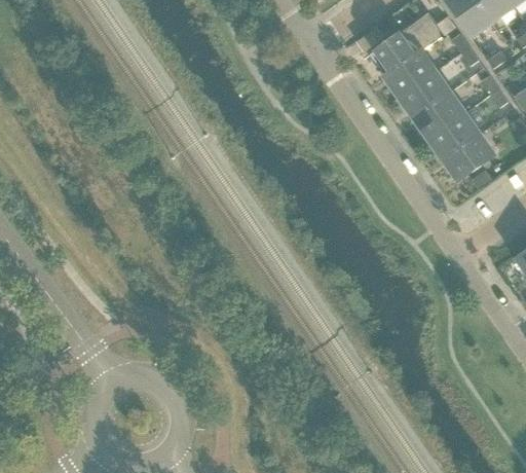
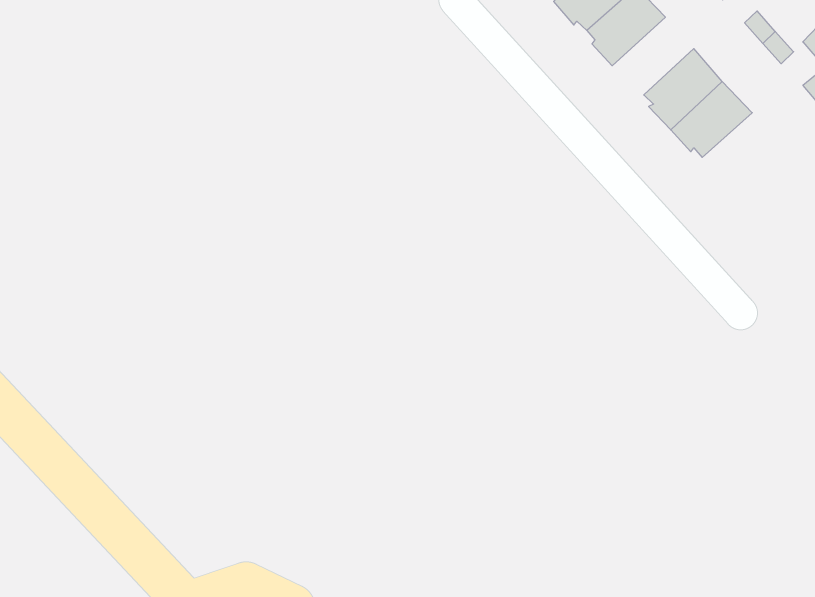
building: [400,71,449,115] -> none
building: [446,134,494,180] -> none

